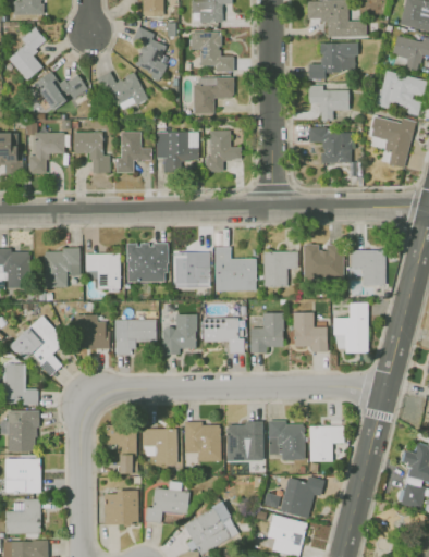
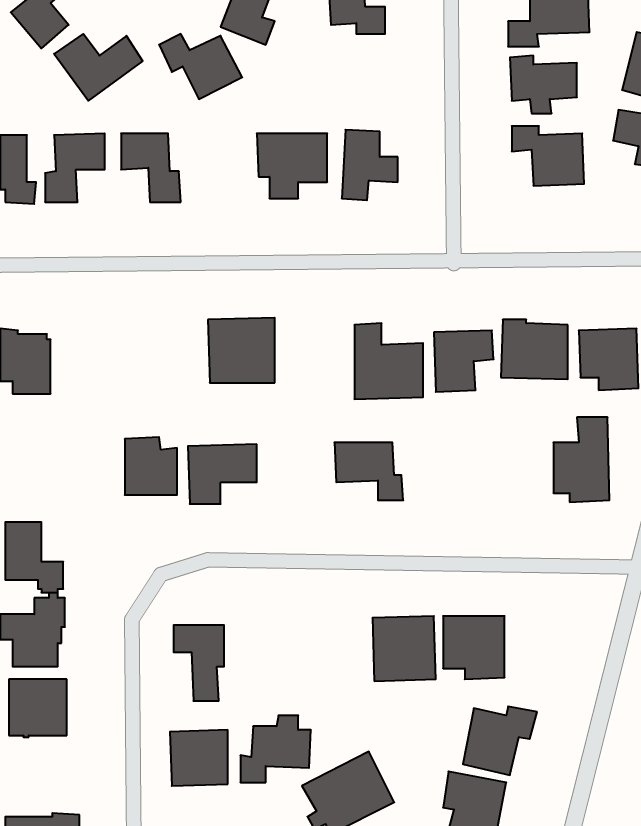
building: [194,77,233,114] -> none
building: [117,132,151,173] -> none
building: [44,249,81,287] -> none
building: [174,252,209,287] -> none
building: [85,253,120,289] -> none
building: [249,312,283,352] -> none
building: [293,312,327,352] -> none
building: [161,313,197,355] -> none
building: [10,317,68,377] -> none
building: [184,423,221,461] -> none
building: [309,425,344,461] -> none
building: [143,428,177,465] -> none
building: [7,500,41,540] -> none

